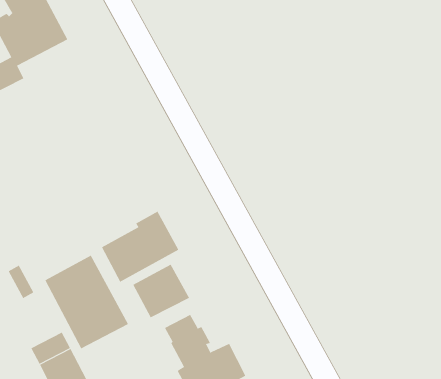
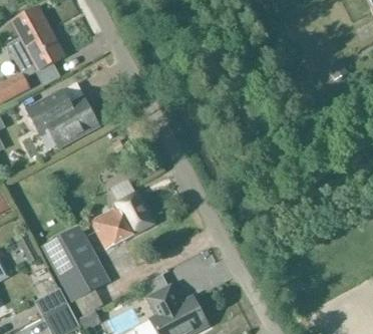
building: none -> [26,88,98,145]
building: [133,264,190,318] -> none

